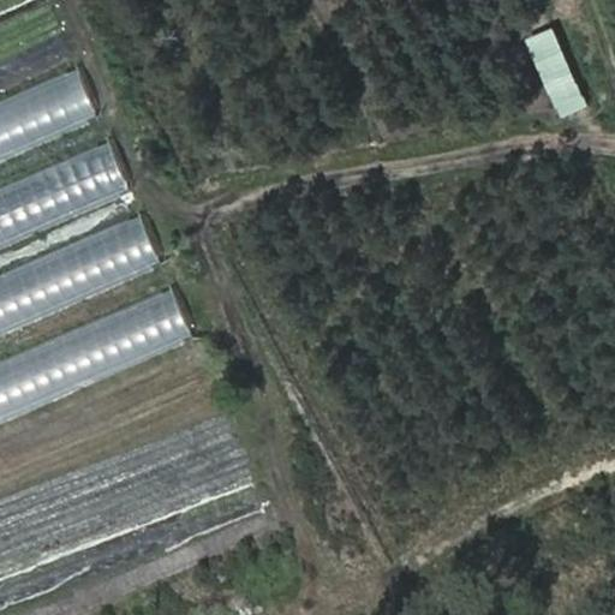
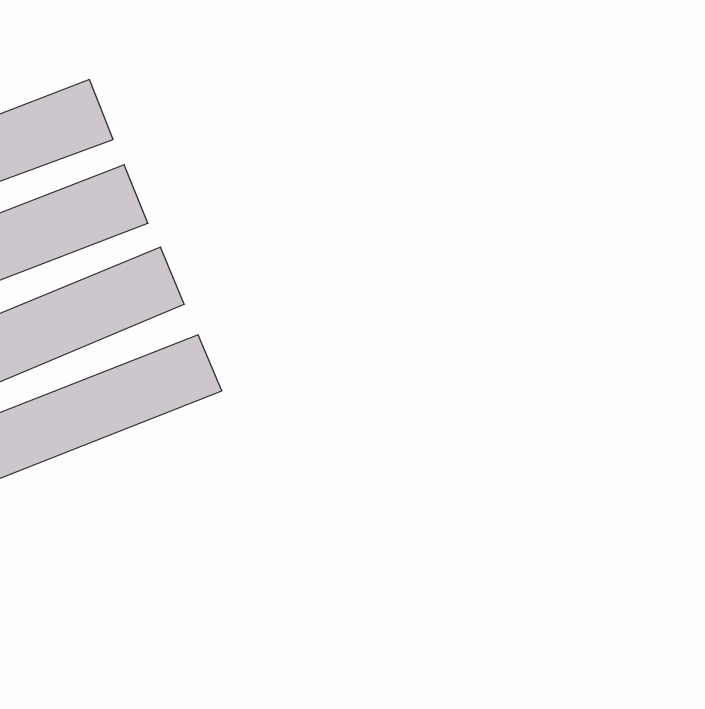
building: [523,28,584,119] -> none

